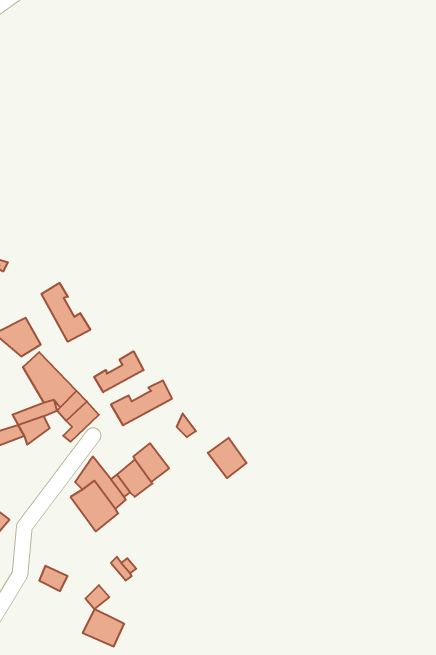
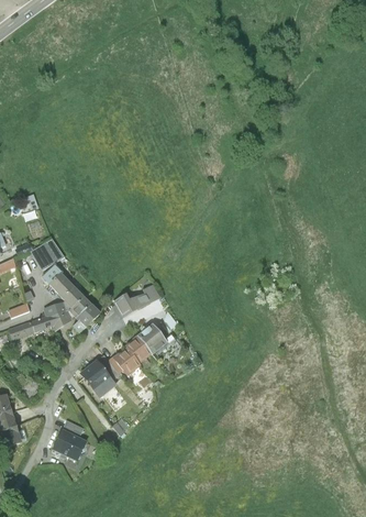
building: [41,283,90,342] -> none
building: [94,351,144,392] -> none
building: [208,438,247,478] -> [143,319,171,349]
building: [83,609,124,646] -> [53,431,84,459]

